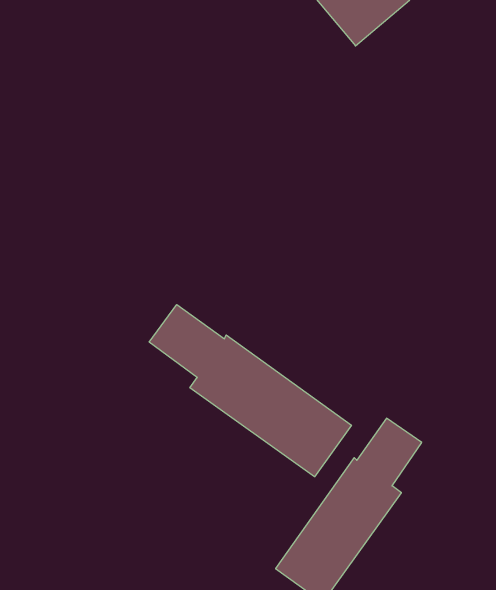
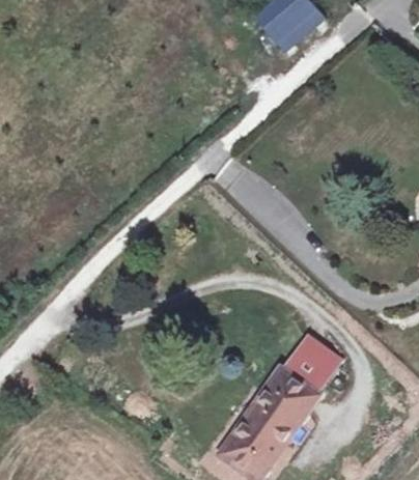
building: [149,305,351,477] -> none

